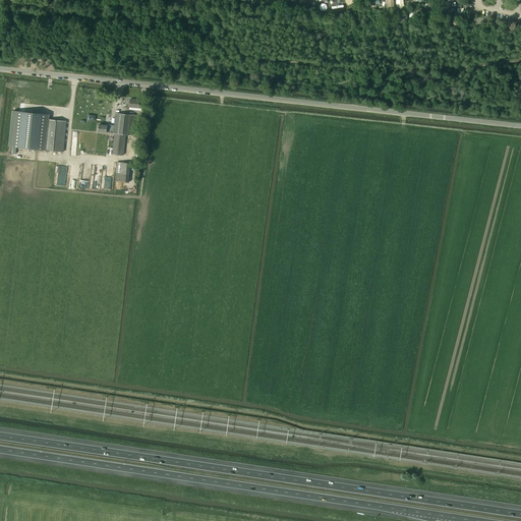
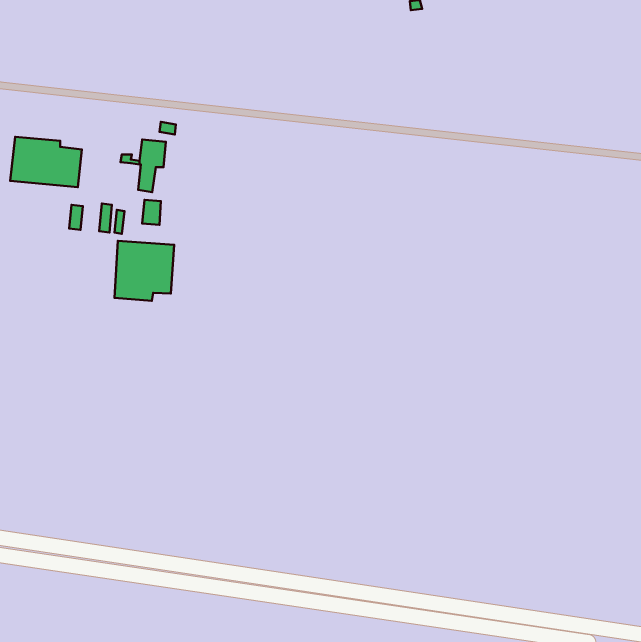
building: none -> [115,241,174,301]

